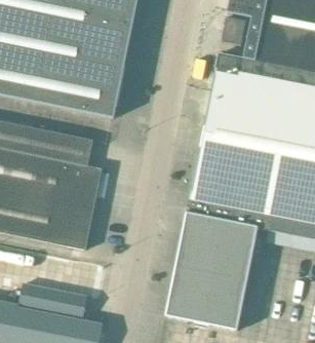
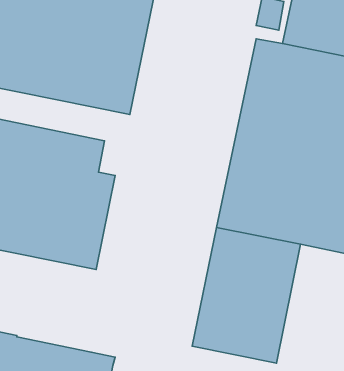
building: [17,281,87,320] -> none

